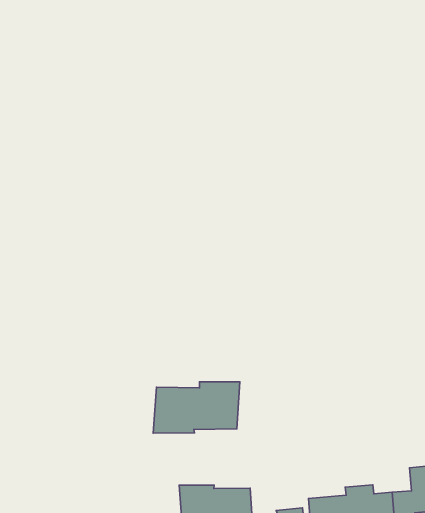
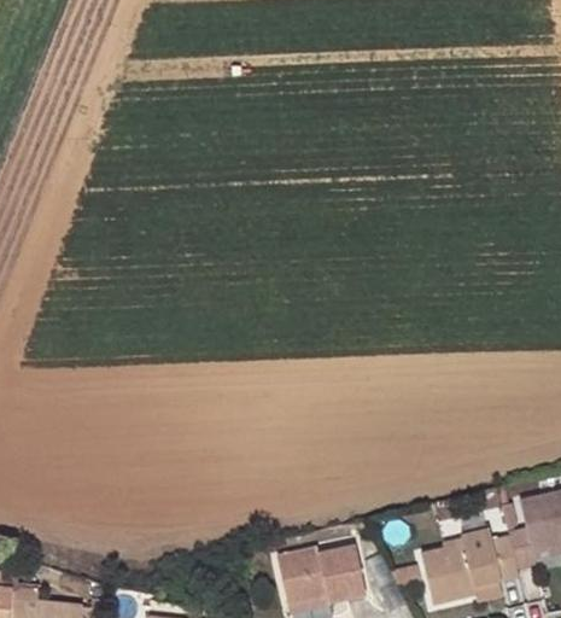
building: [153,382,240,433] -> none

